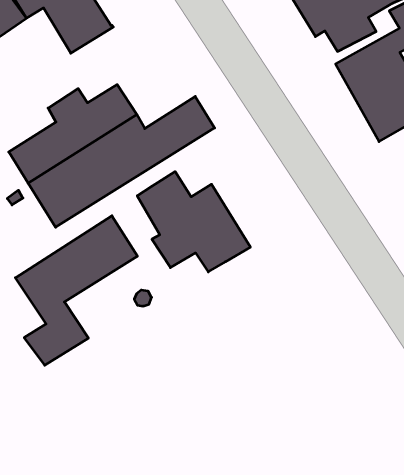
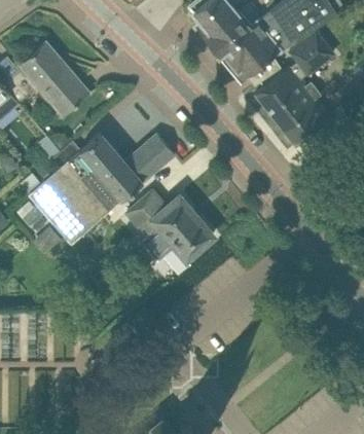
building: [15,216,137,365] -> none

